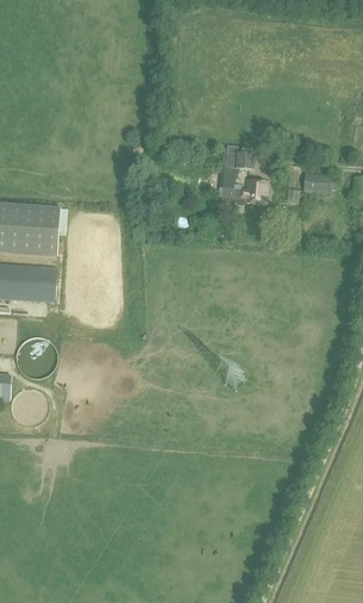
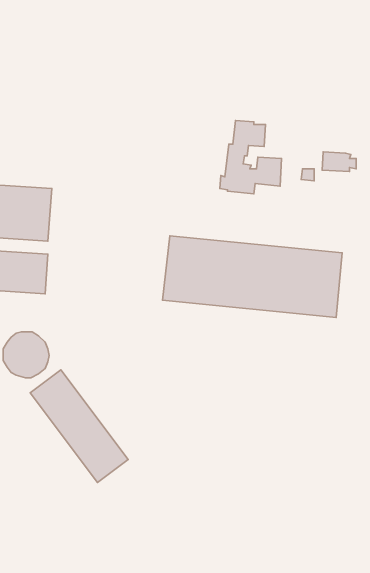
building: none -> [163,236,342,318]
building: none -> [30,370,128,483]

